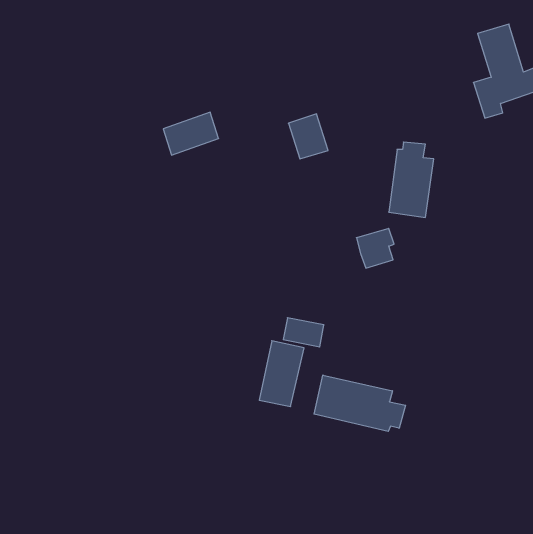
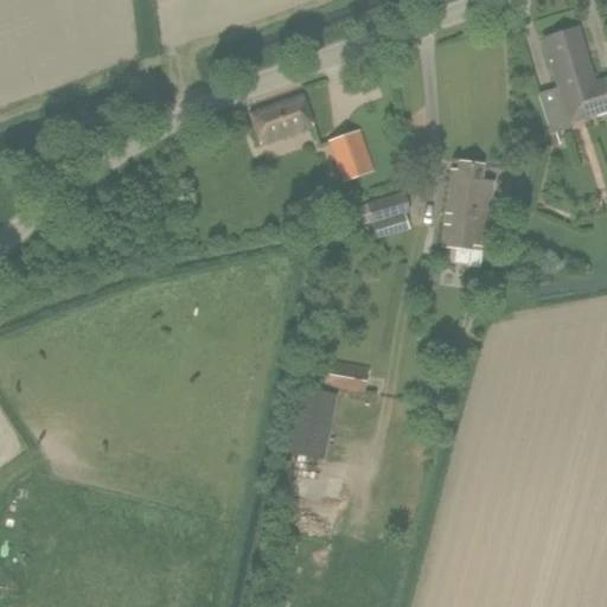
building: [163,112,219,155] -> [250,95,313,143]
building: [356,228,394,268] -> [368,193,410,238]
building: [314,375,406,431] -> none

